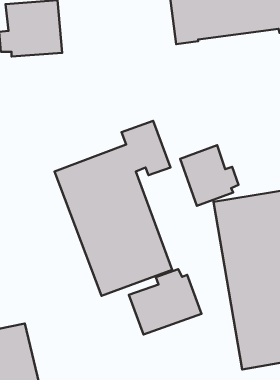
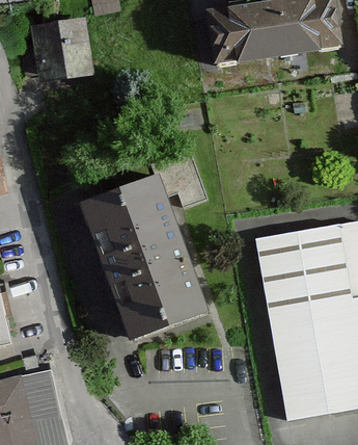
building: [180,145,238,206] -> none
building: [129,269,202,334] -> none

